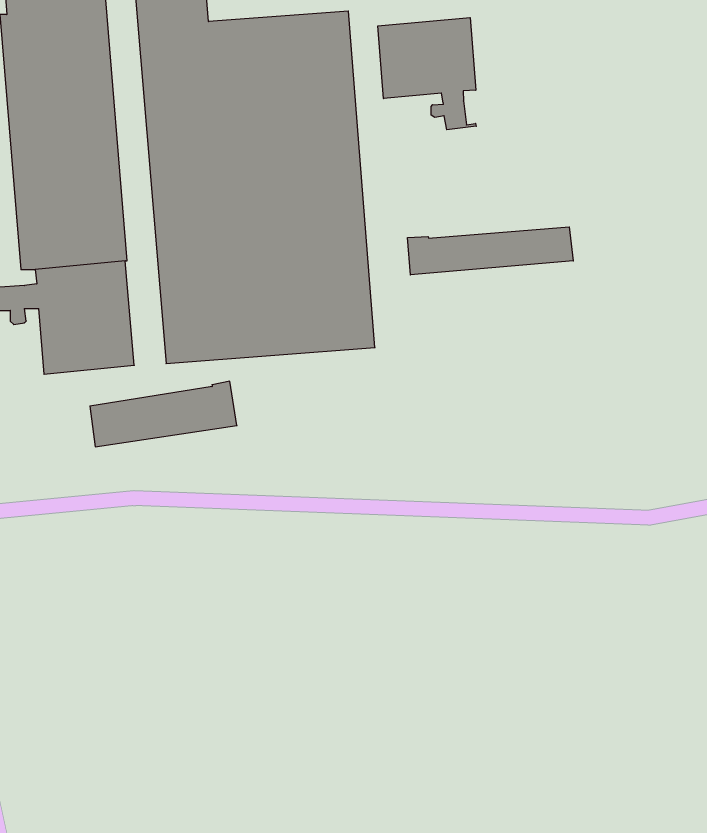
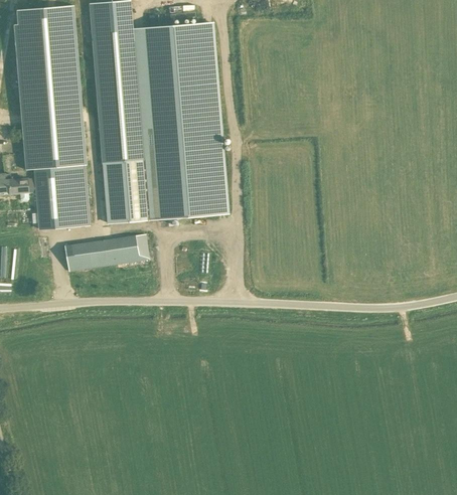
building: [378,18,476,130] -> none
building: [408,227,573,275] -> none

